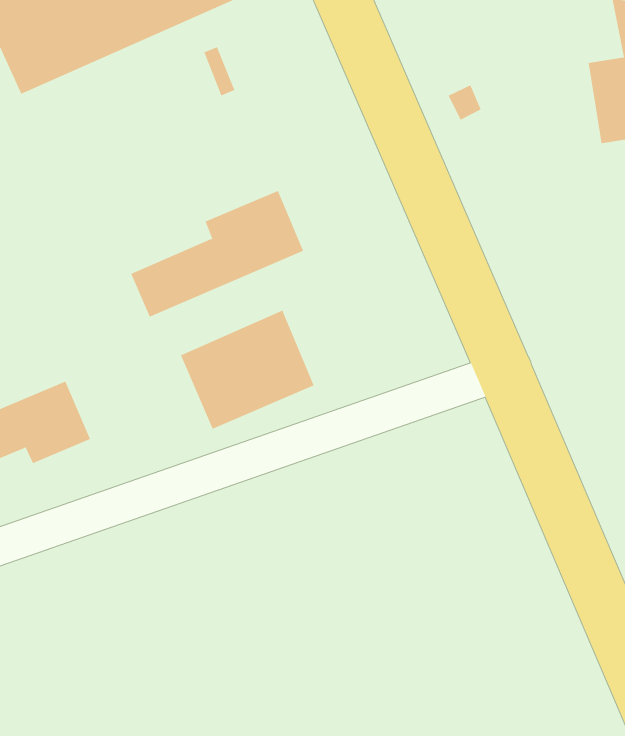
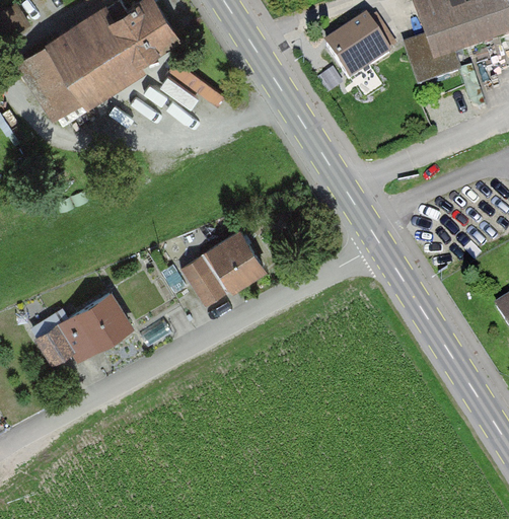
building: none -> [329,18,389,78]
building: [131,190,304,317] -> none

